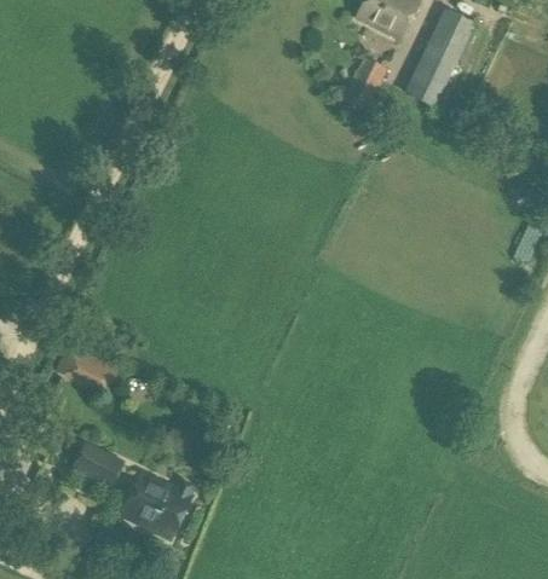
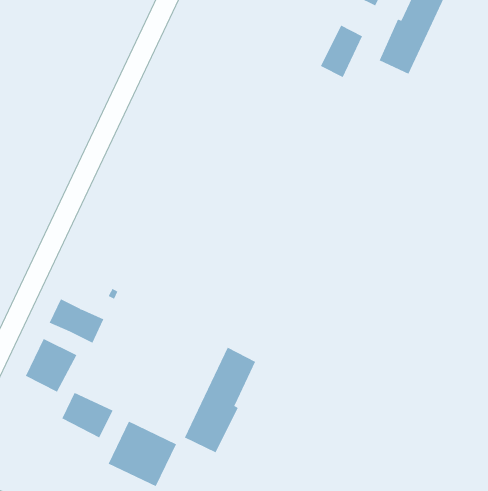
building: none -> [25,338,77,393]
building: none -> [184,347,256,453]

